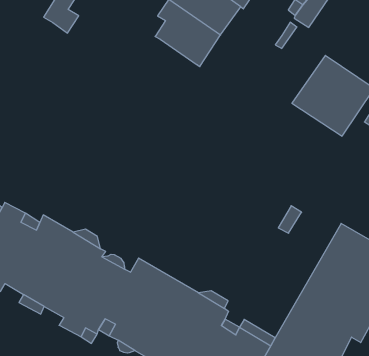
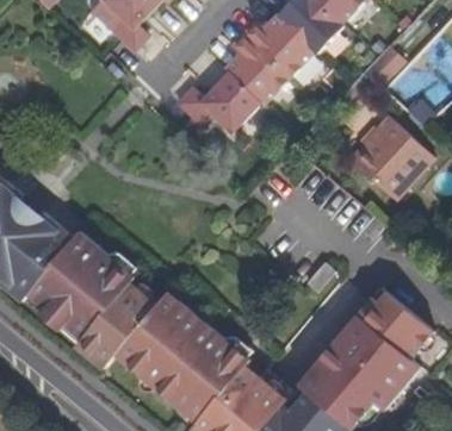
building: none -> [177,71,259,127]

